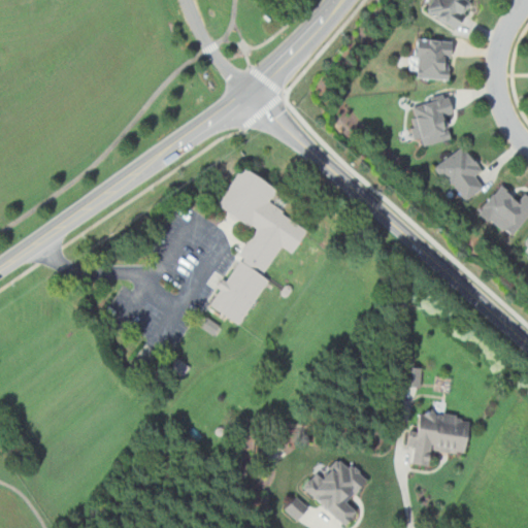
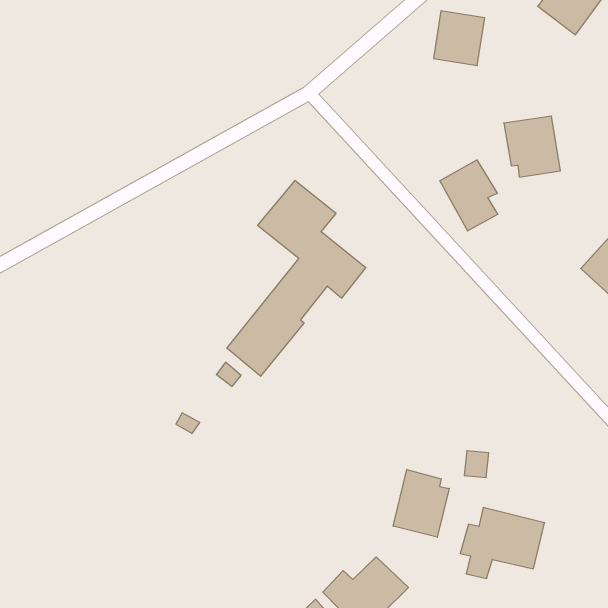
building: [415,39,452,79] -> [434,11,485,66]
building: [436,146,485,203] -> [440,160,498,231]
building: none -> [393,469,449,537]

